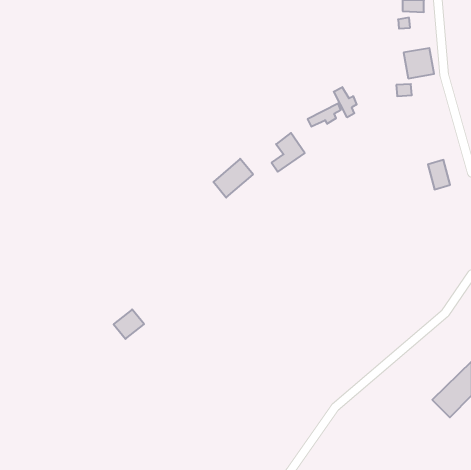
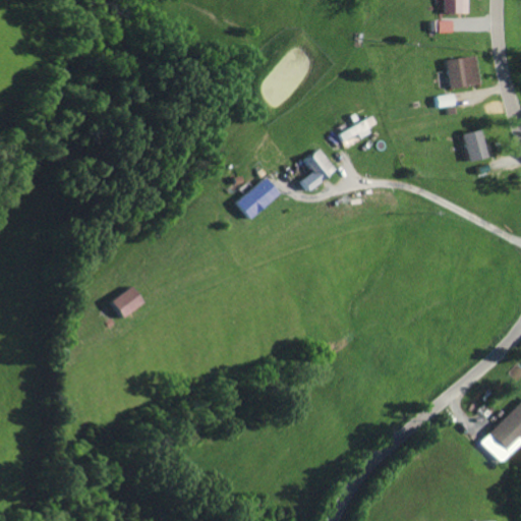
building: [334,87,357,117] -> none
building: [428,160,450,189] -> [463,129,487,162]
building: [114,309,144,339] -> [112,286,146,319]

